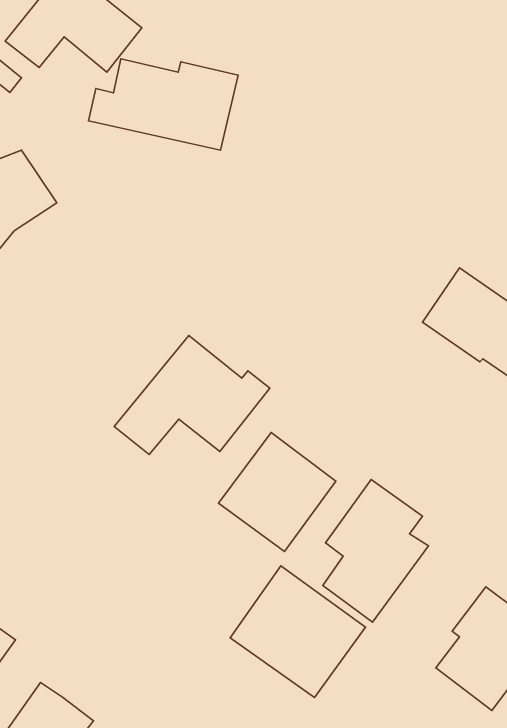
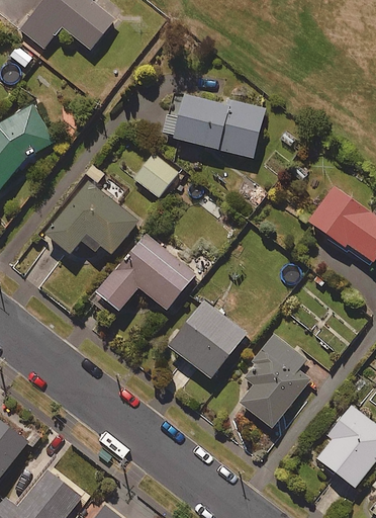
building: [88,59,238,150] -> [163,95,266,158]
building: none -> [132,151,178,196]
building: none -> [45,180,138,256]
building: [230,566,366,698] -> none

